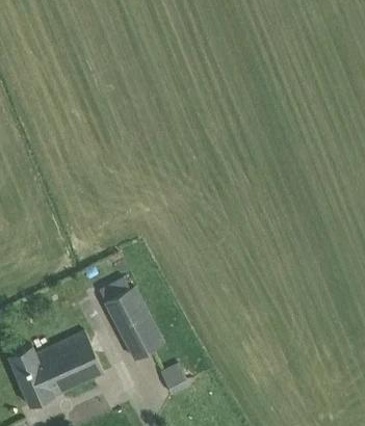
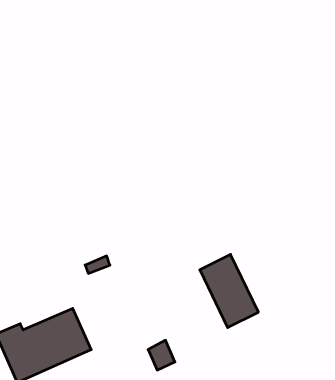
building: [105,286,164,360] -> [200,254,258,328]

